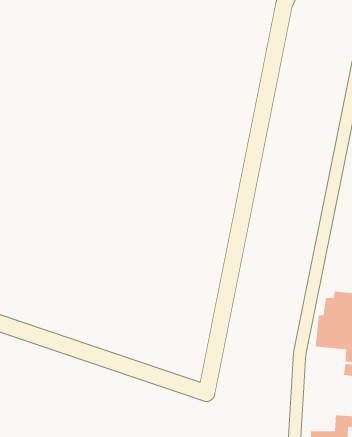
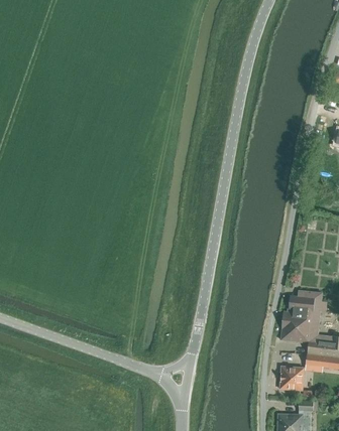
building: none -> [279,368,303,391]

